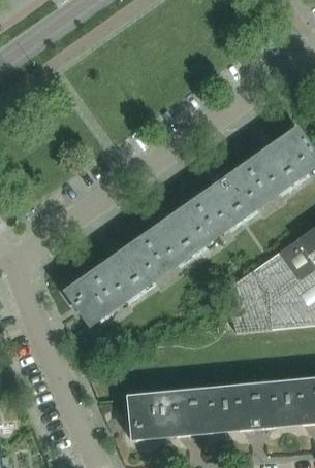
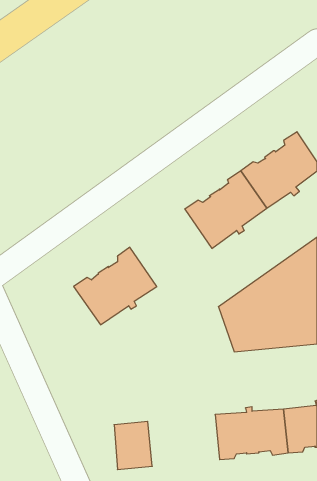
building: [141,201,217,272] -> none
building: [64,272,115,326] -> none
building: [158,389,224,437] -> none

